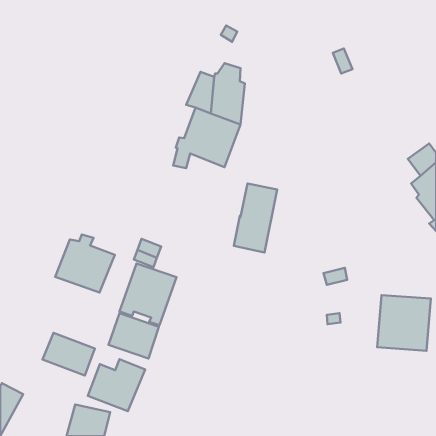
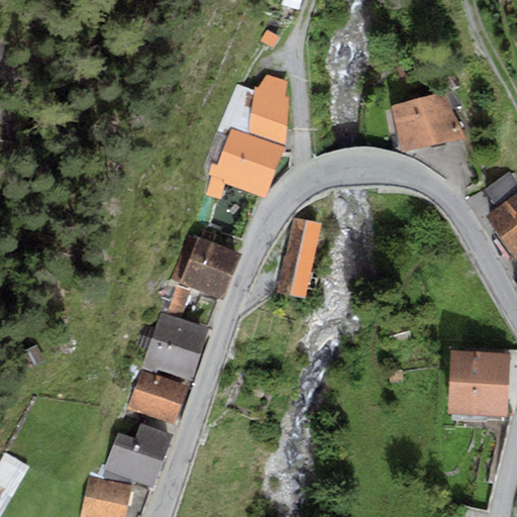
building: none -> [391,90,464,150]
building: [55,234,115,292] -> [171,229,241,298]
building: [43,333,95,376] -> none

